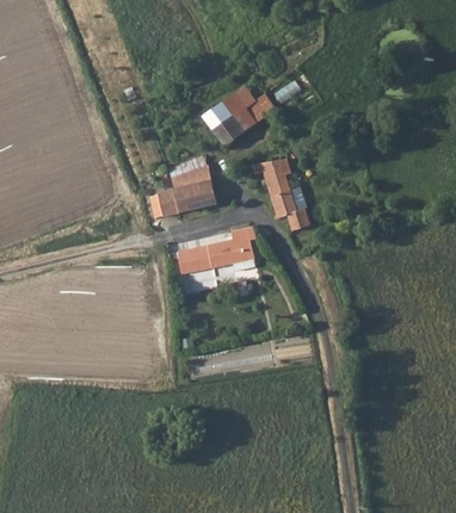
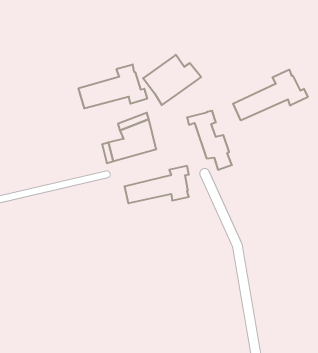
building: none -> [79,64,147,108]
building: none -> [233,70,308,120]

